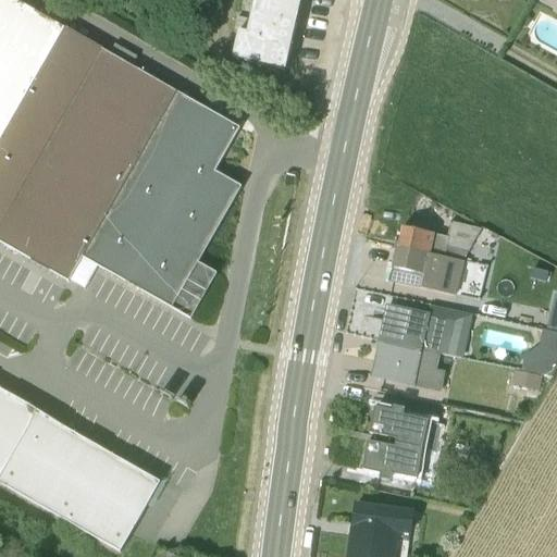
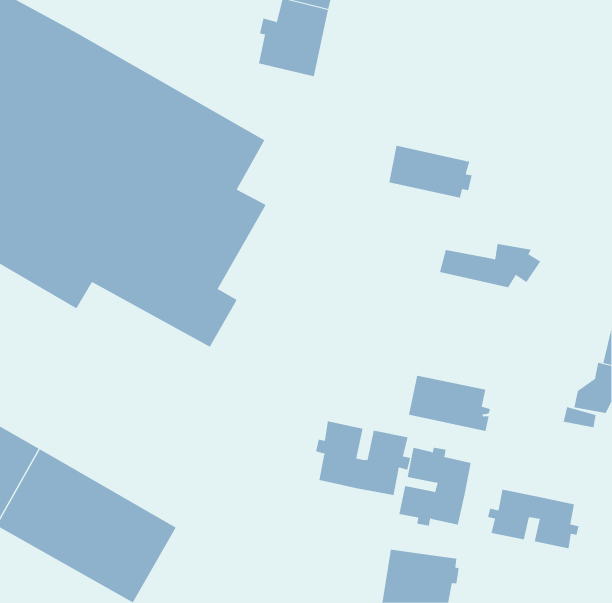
building: [391,247,467,295] -> [389,145,473,198]
building: [377,305,471,357] -> none
building: none -> [315,421,411,496]
building: none -> [487,489,579,549]

